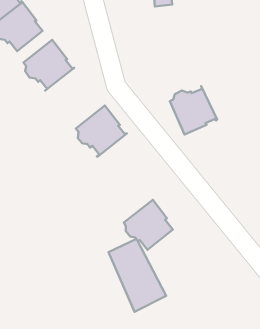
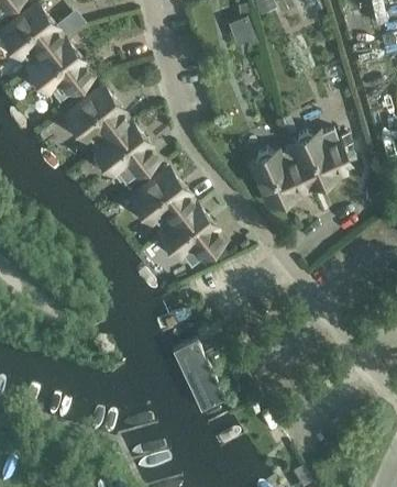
building: none -> [95,121,157,182]
building: none -> [290,129,350,186]
building: [124,200,173,250] -> [161,203,222,266]

